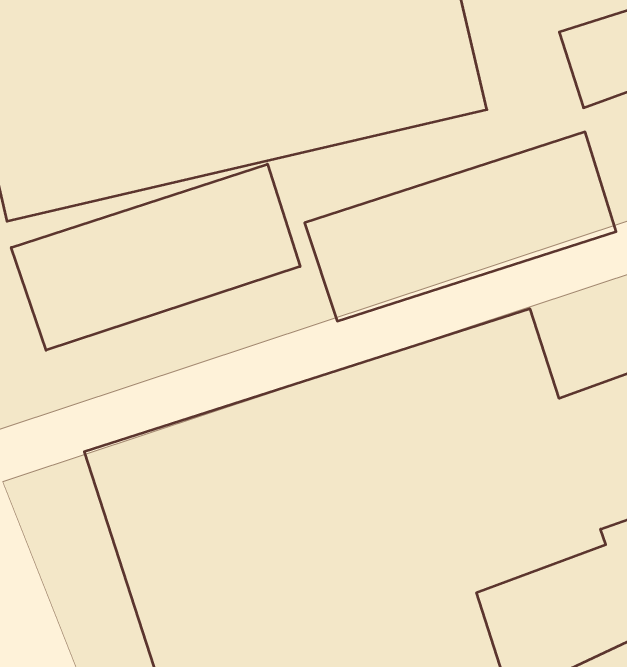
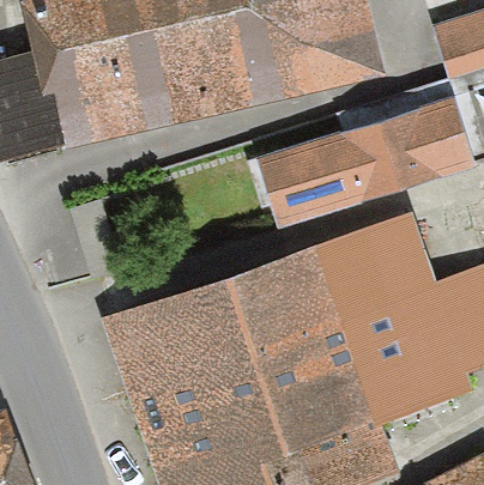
building: [11,164,300,350] -> none

